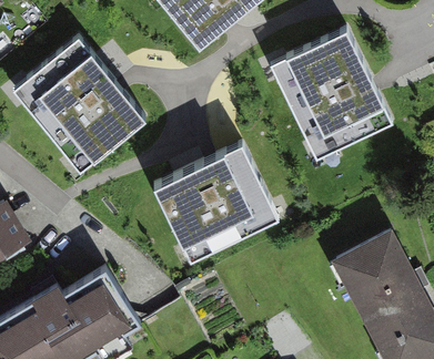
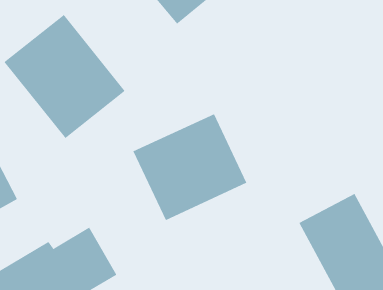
building: [269,28,394,162] -> none

